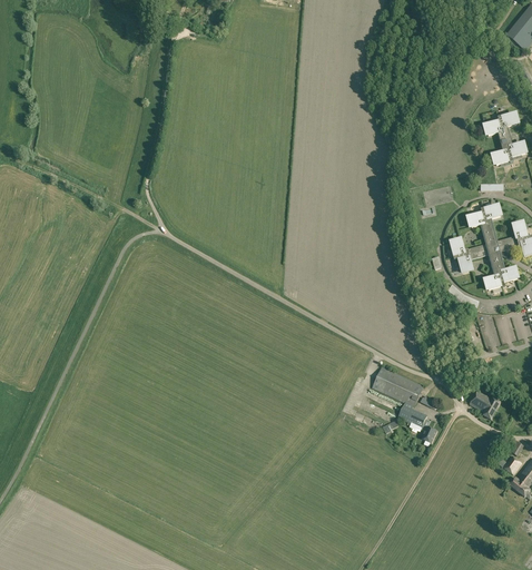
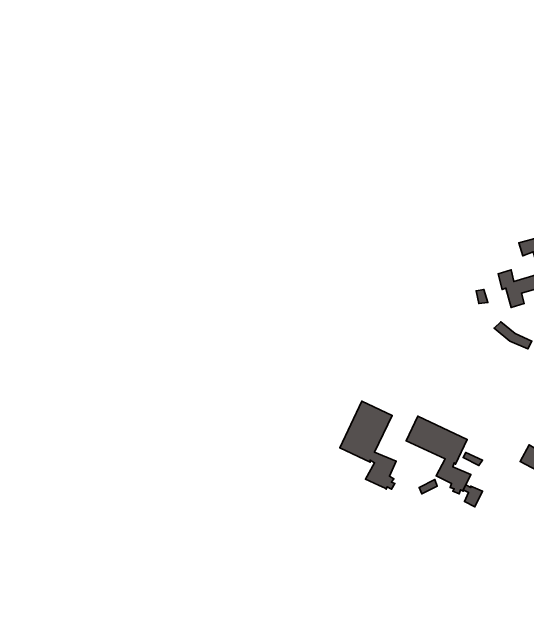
building: none -> [340,401,396,489]

